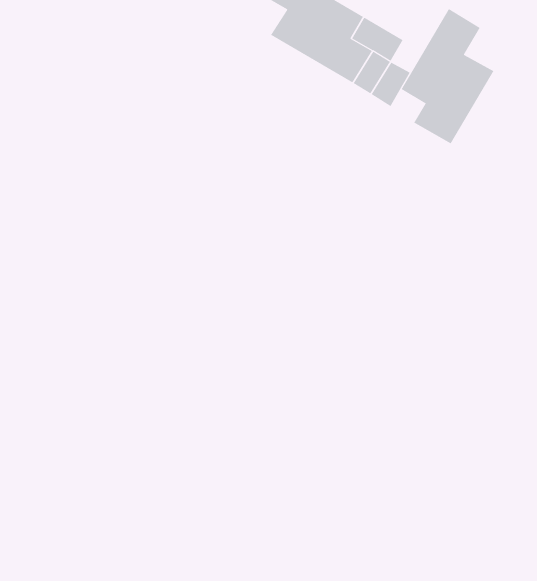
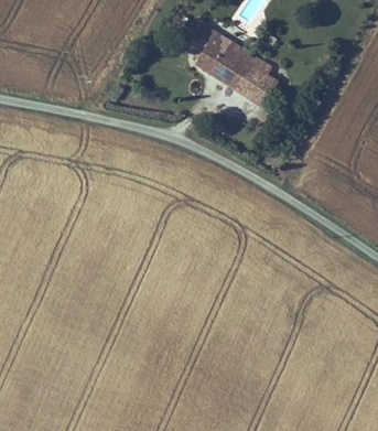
building: [401,8,494,144] -> none

